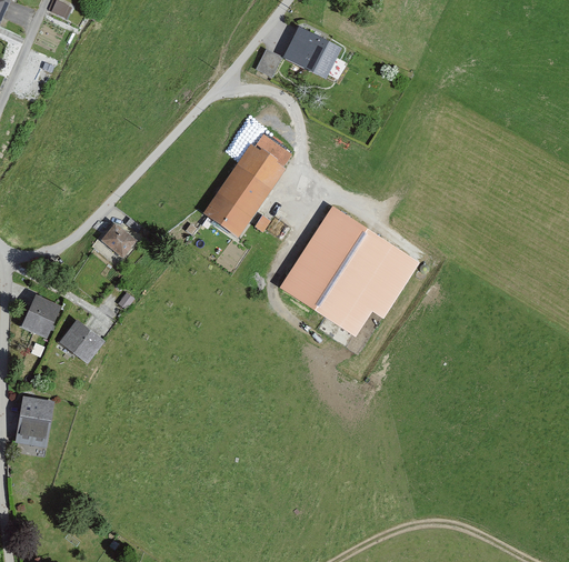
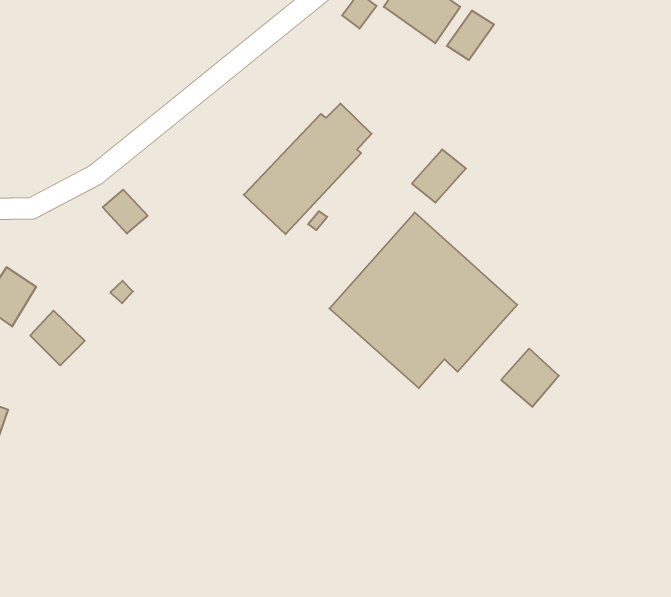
building: none -> [447,10,494,60]
building: none -> [412,149,466,203]
building: none -> [501,349,559,407]

